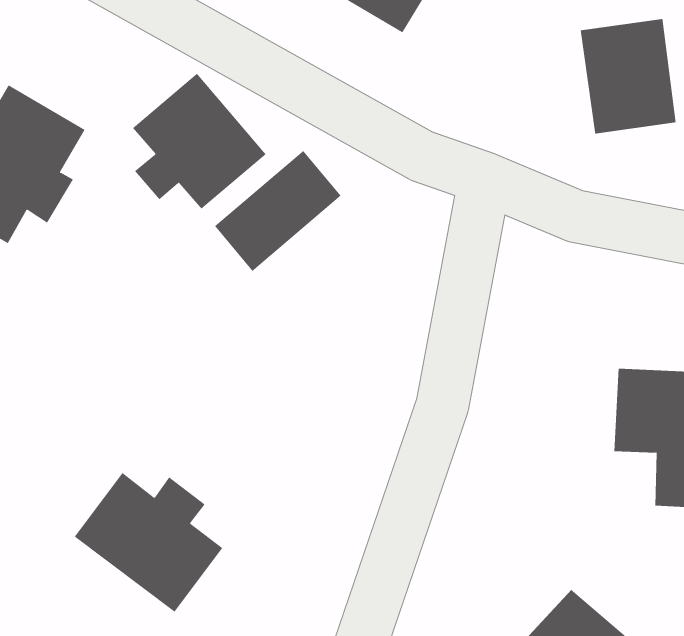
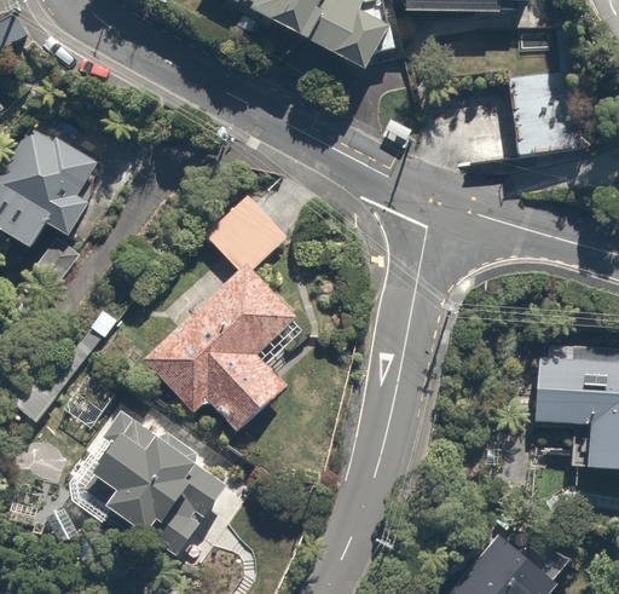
building: [132,73,266,210] -> none
building: none -> [149,266,294,431]

